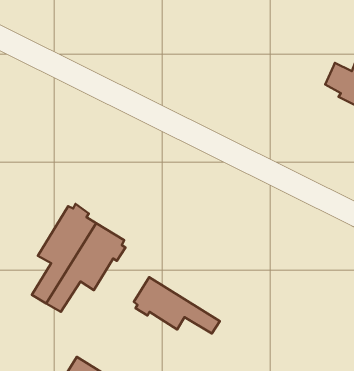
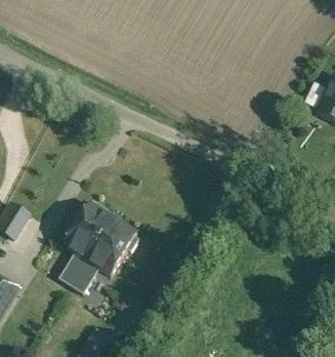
building: [134,277,220,334] -> none

